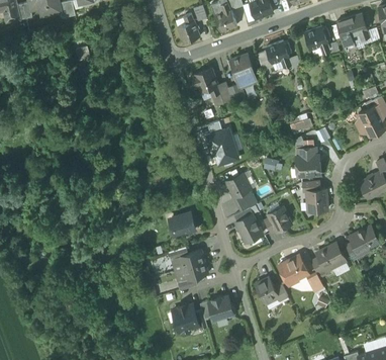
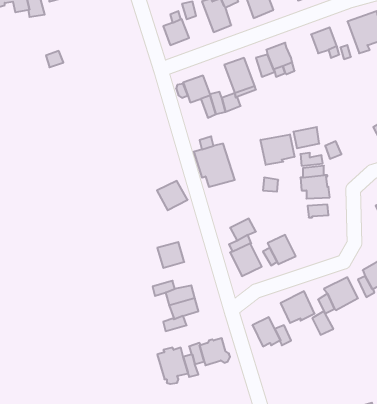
building: none -> [261,134,294,165]
building: [225,173,252,198] -> [157,181,188,210]
building: [306,188,327,210] -> none

